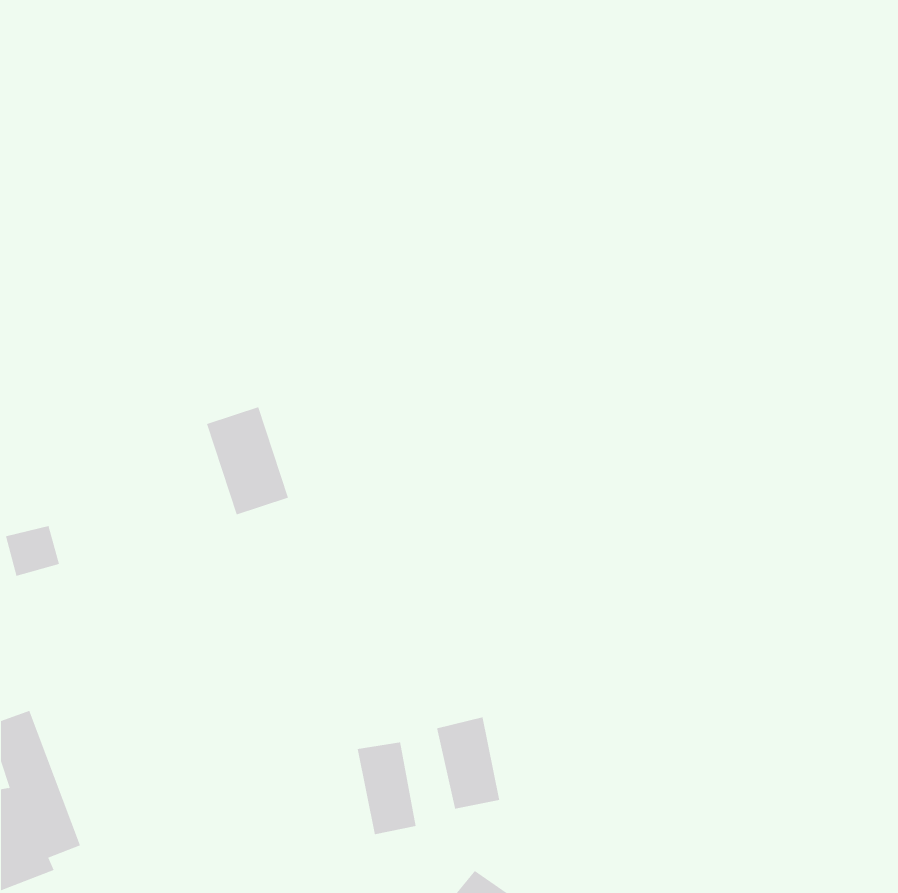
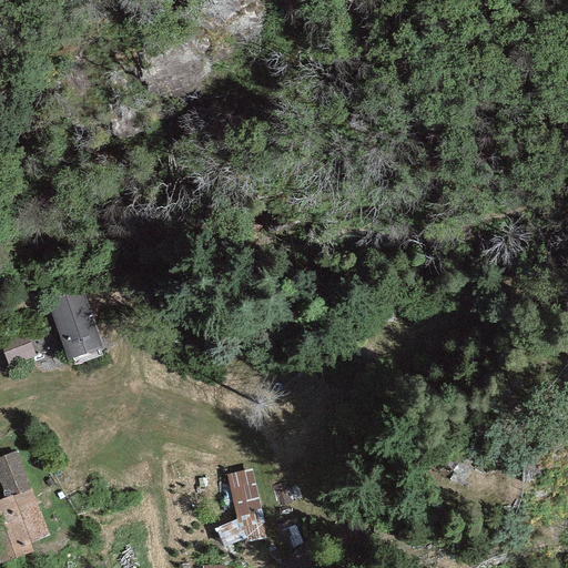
building: [206,406,289,515] -> [48,291,100,359]
building: [437,716,500,809] -> none

